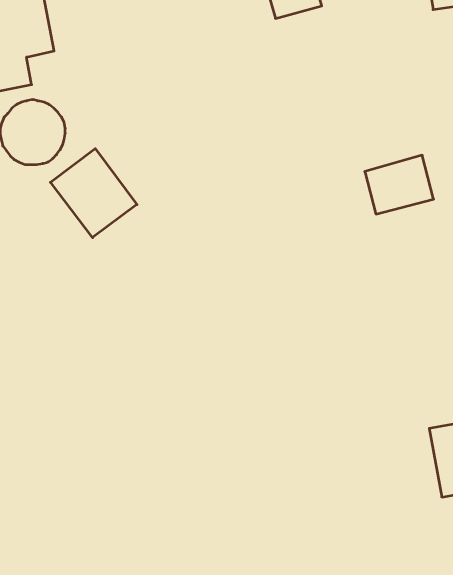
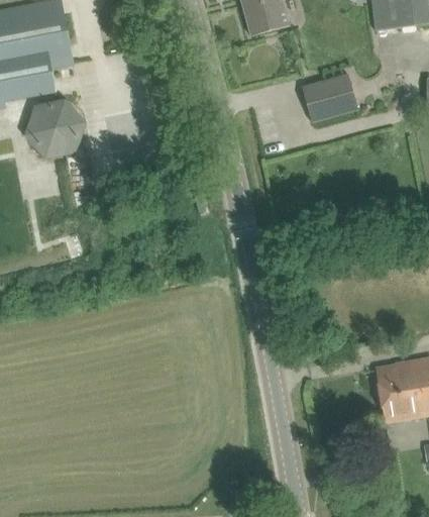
building: [50,149,137,238] -> none
building: [365,155,434,214] -> [302,73,357,120]

